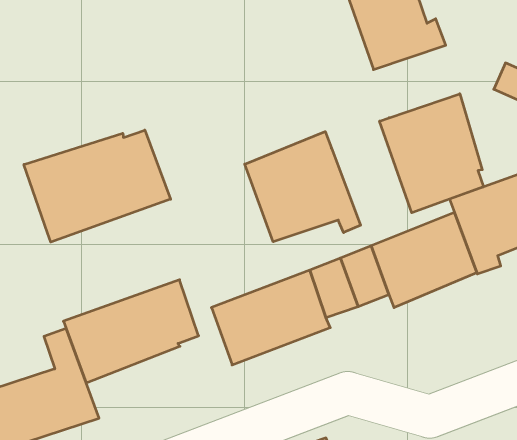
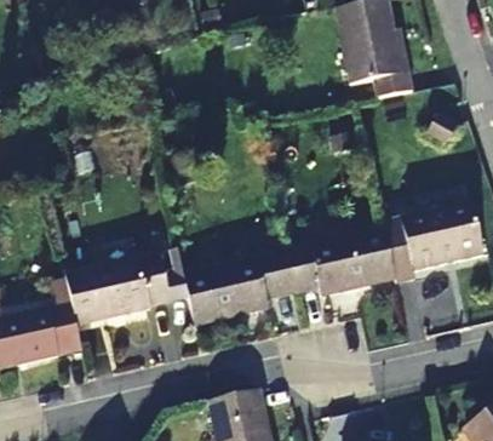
building: [380,94,483,213] -> none
building: [24,130,171,242] -> none
building: [245,132,361,242] -> none

